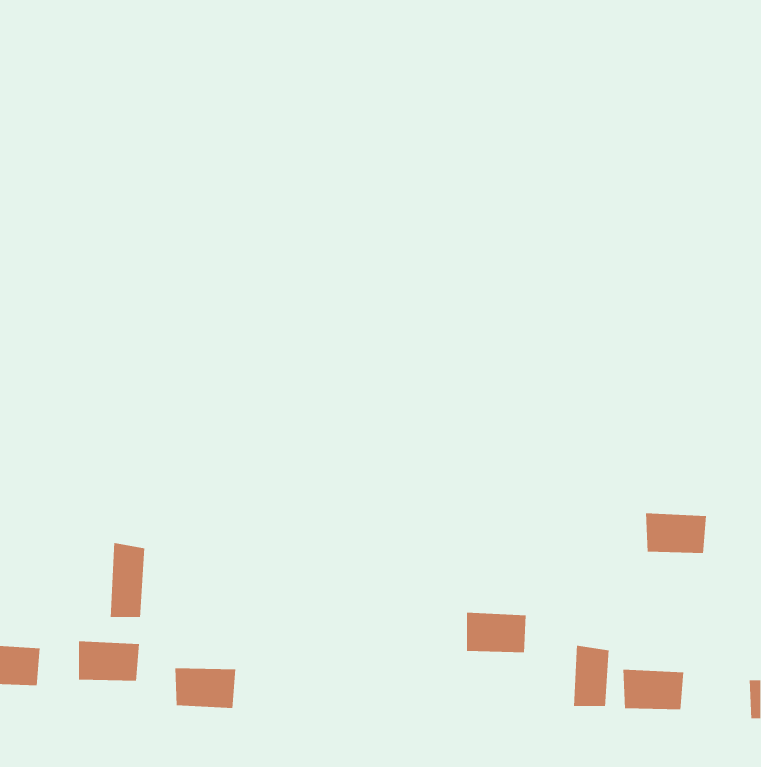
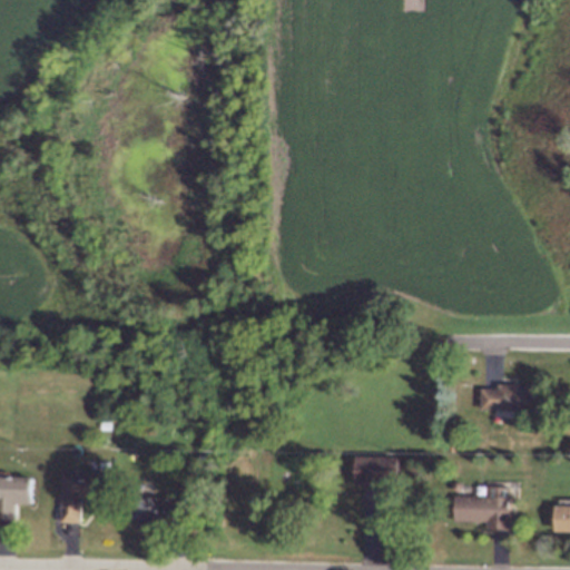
building: [110,542,145,618] -> none
building: [573,645,609,707] -> none

